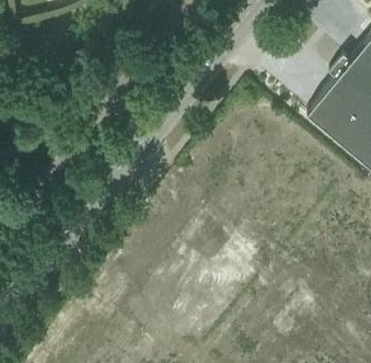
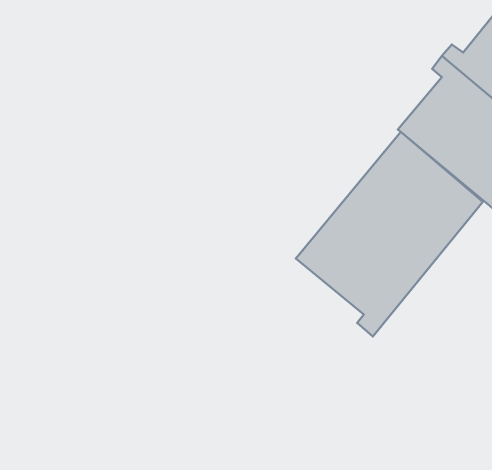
building: none -> [296,132,483,337]

